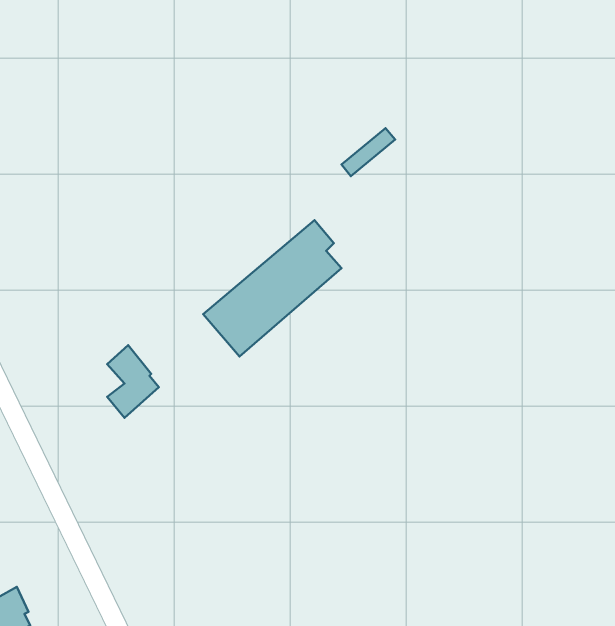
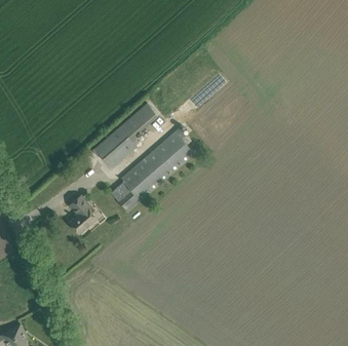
building: none -> [92,104,155,167]

